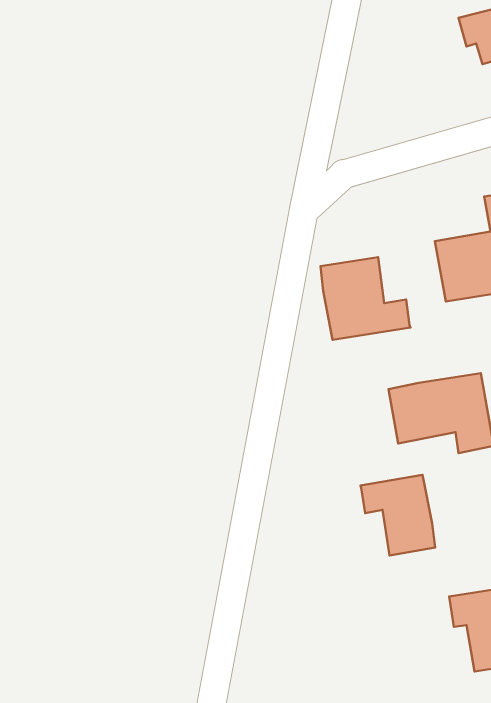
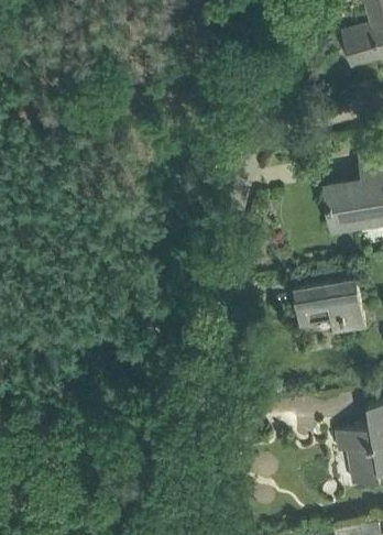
building: [320,257,410,340] -> none
building: [360,475,435,556] -> none

